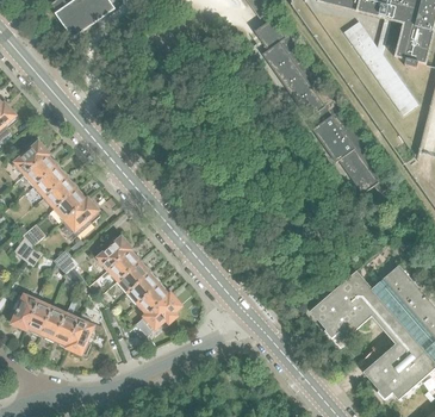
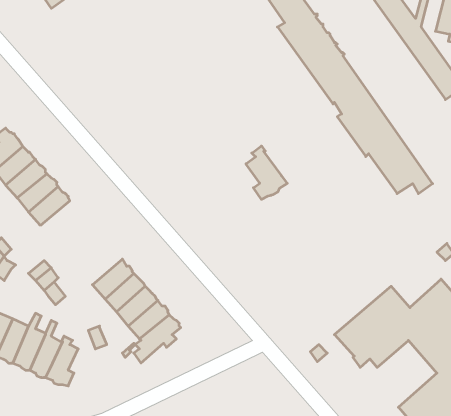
building: none -> [246,146,287,199]
building: [61,199,100,236] -> none
building: [97,234,131,269] -> none

